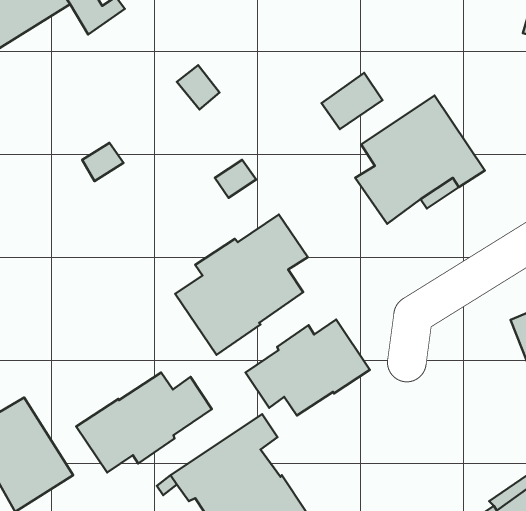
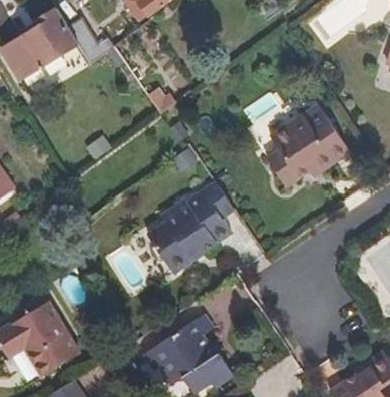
building: [246,320,370,416] -> none
building: [76,373,212,472] -> none

